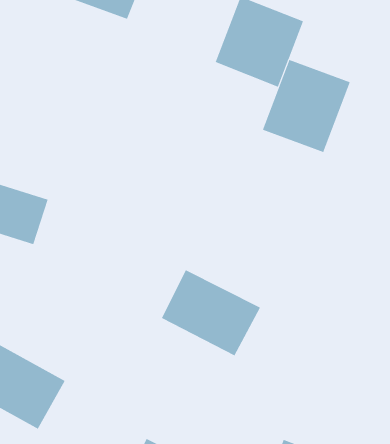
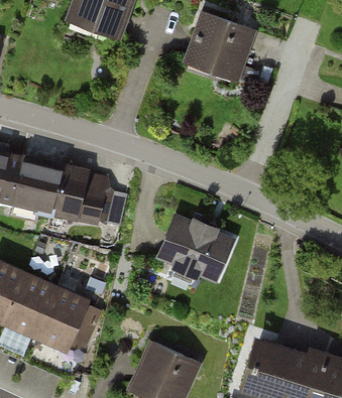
building: [262,59,351,153] -> none
building: none -> [61,173,112,218]

